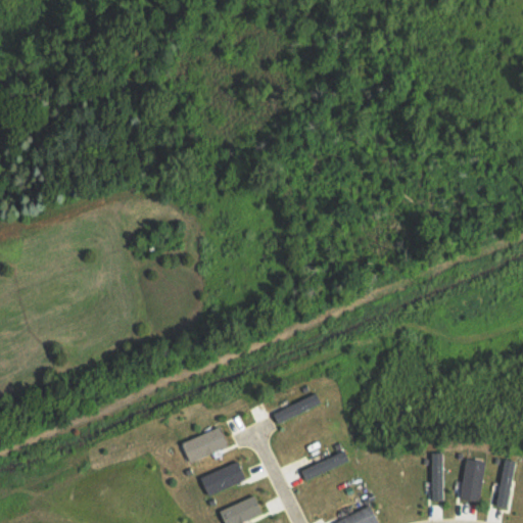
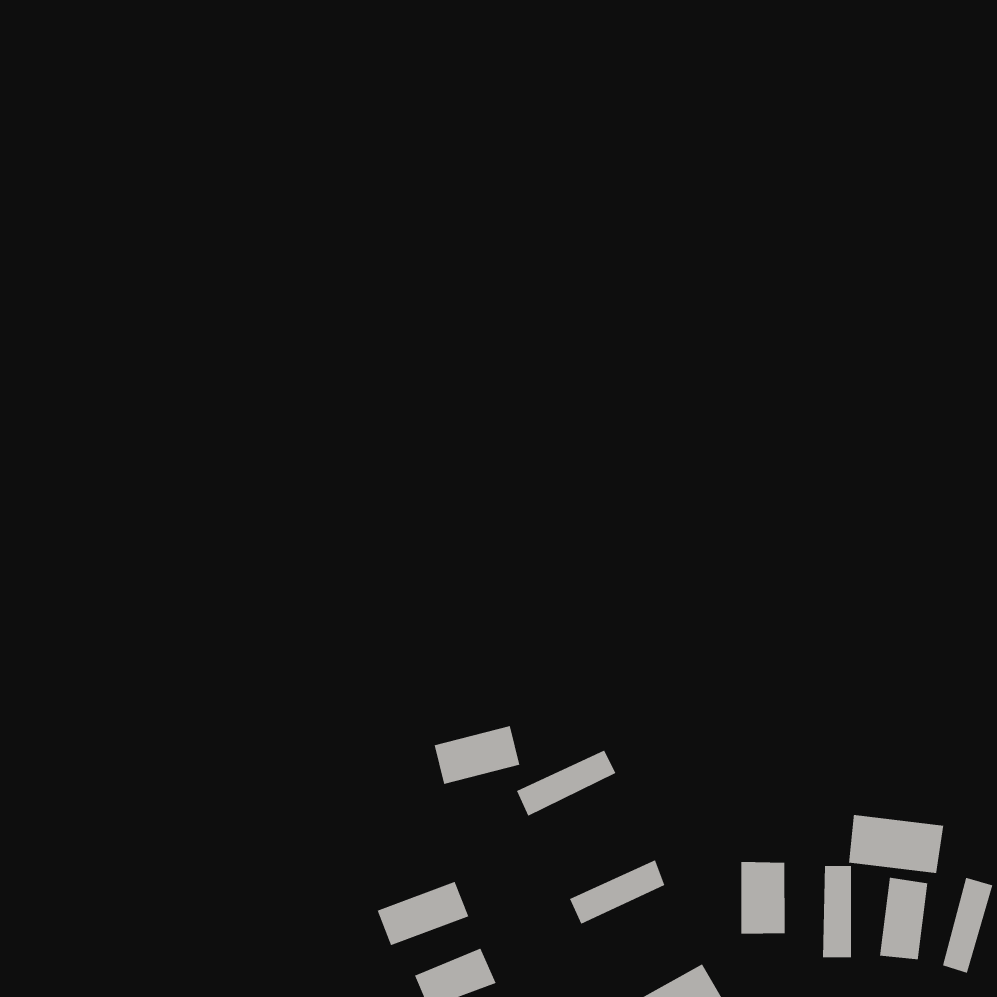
building: none -> [849,814,944,874]
building: [181,429,226,460] -> [434,726,520,784]
building: none -> [741,861,785,935]

